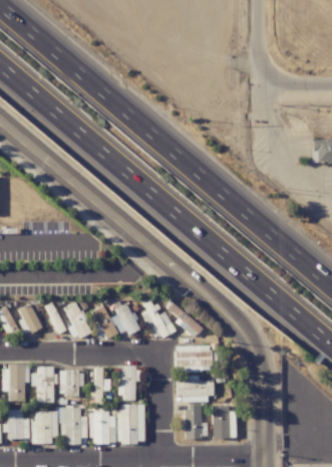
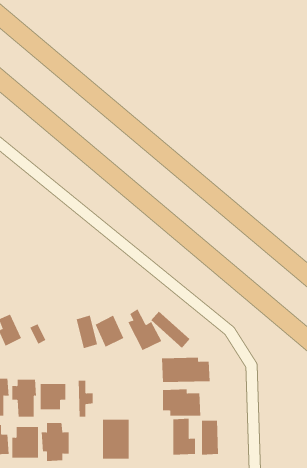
building: [65,301,90,339] -> none
building: [118,368,140,399] -> none
building: [90,412,116,444] -> none

